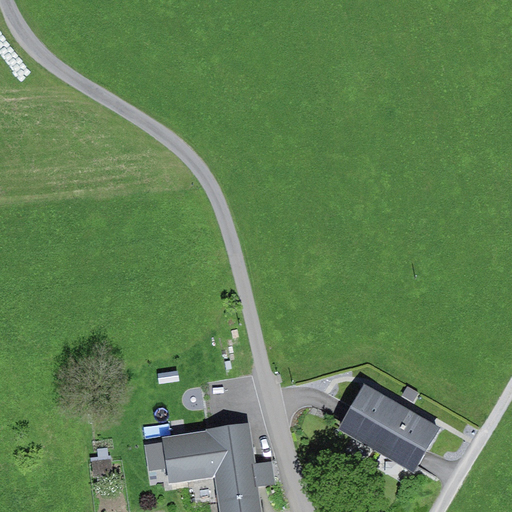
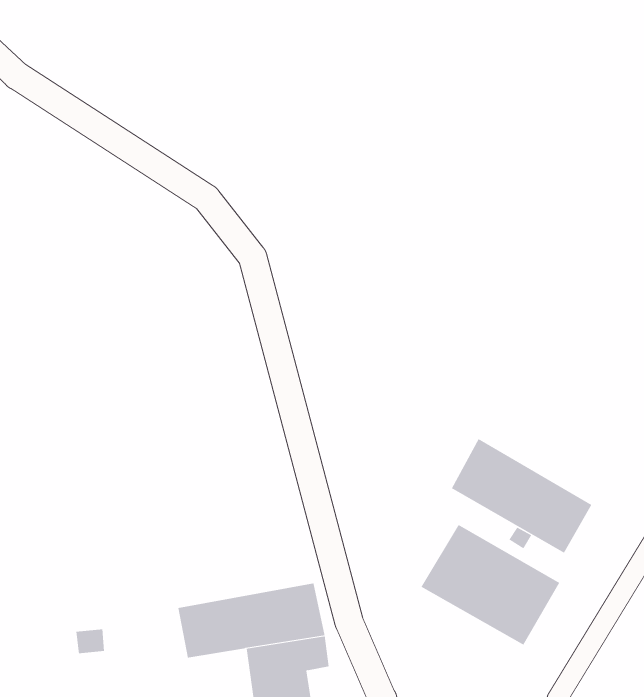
building: none -> [451,438,592,554]

